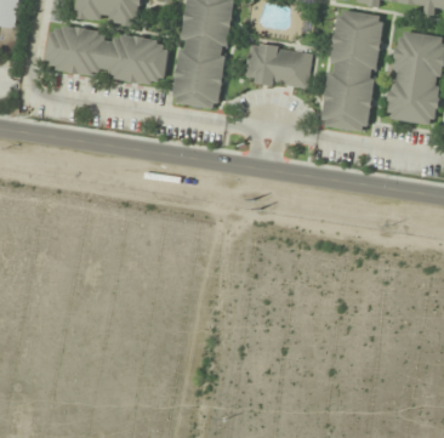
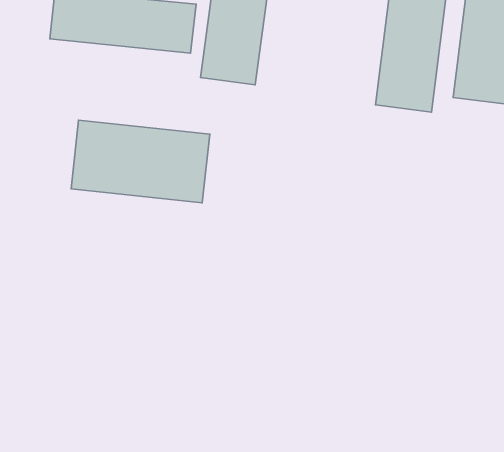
building: [243,42,312,90] -> none
building: none -> [71,120,210,203]

